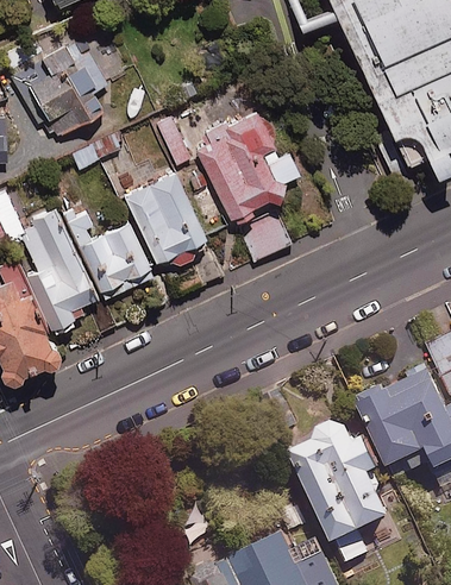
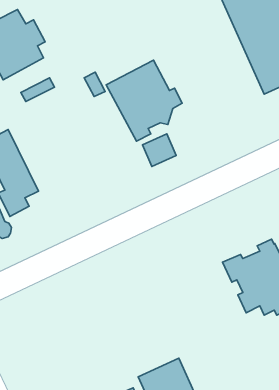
building: [123,170,211,262] -> none
building: [67,210,151,297] -> none
building: [283,433,396,547] -> none

